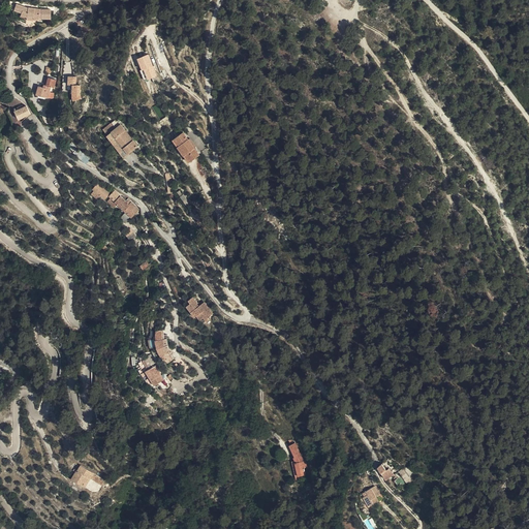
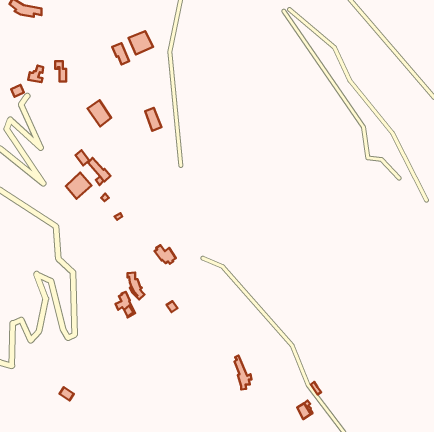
building: none -> [129,31,153,54]
building: none -> [66,172,92,199]

